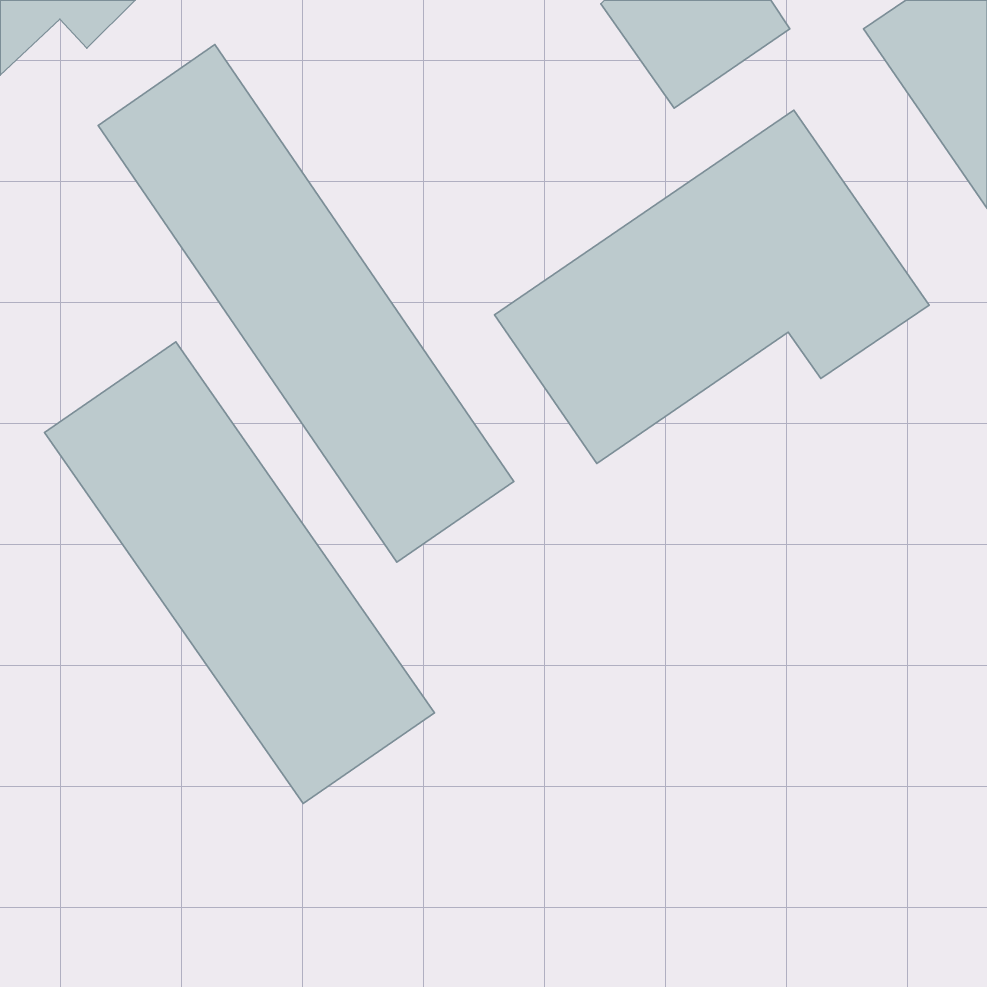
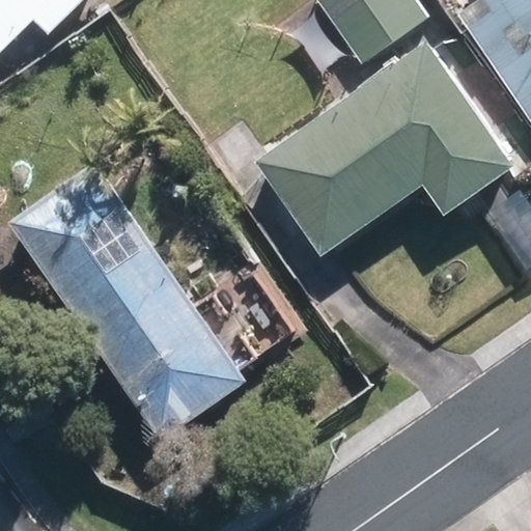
building: [98,44,514,562] -> none

